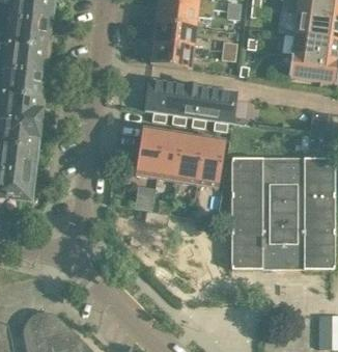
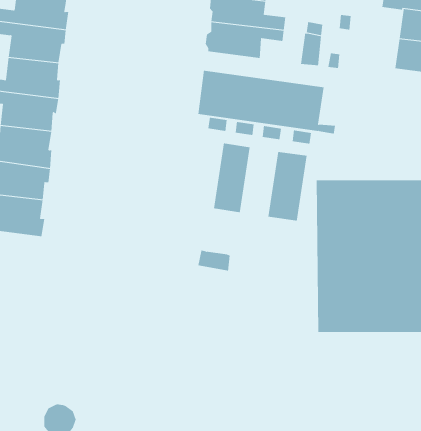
building: [135,127,164,178] -> none
building: [176,133,203,184] -> none

